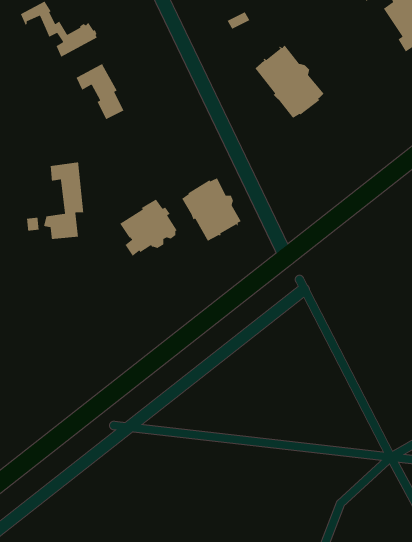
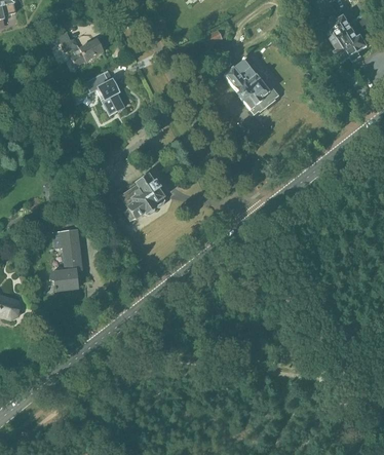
building: [43,161,84,240] -> [49,229,81,290]
building: [181,177,242,242] -> none

